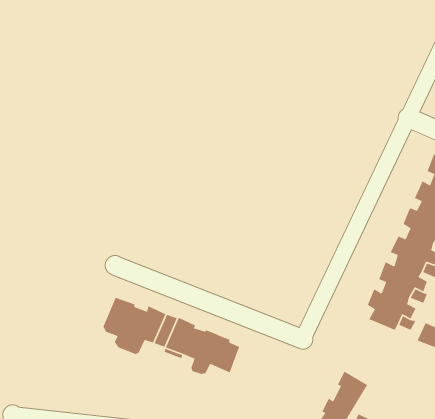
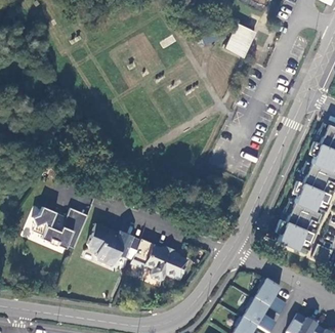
building: none -> [222,22,252,55]
building: none -> [31,209,88,249]

